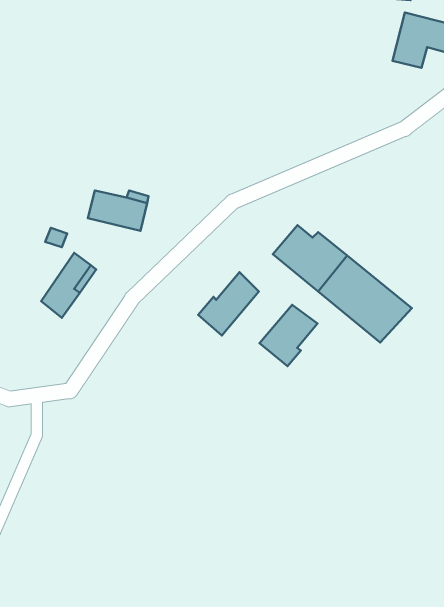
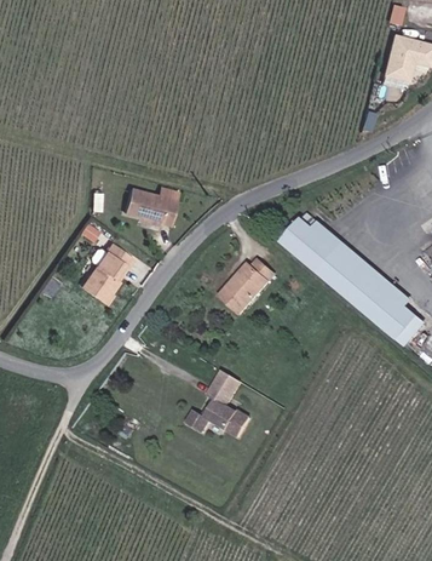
building: [260,305,318,366] -> none
building: none -> [375,292,421,340]
building: none -> [185,387,252,441]

